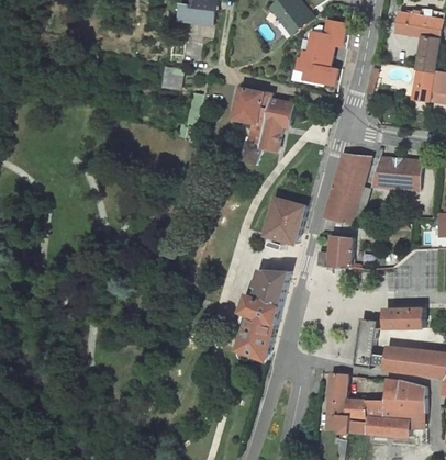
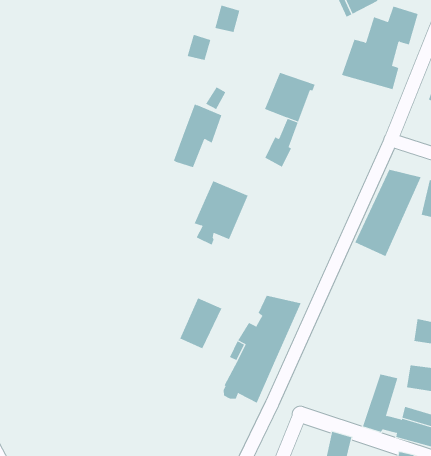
building: [258,99,292,150] -> [173,104,222,168]
building: [265,198,305,250] -> [194,180,249,245]
building: [315,235,350,267] -> none
building: none -> [180,297,222,349]

